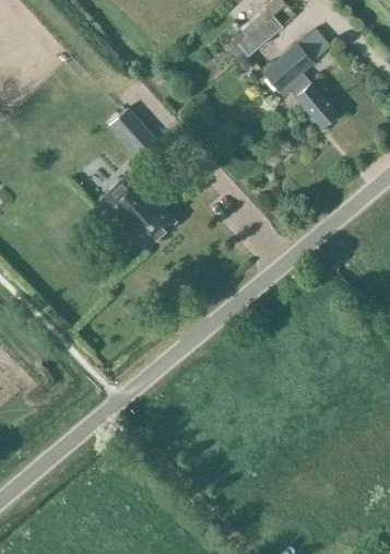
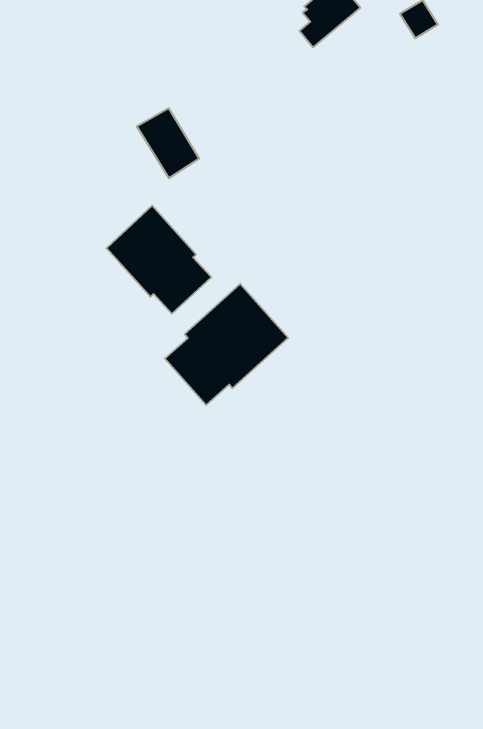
building: [262,46,335,129] -> none
building: none -> [165,284,288,405]

